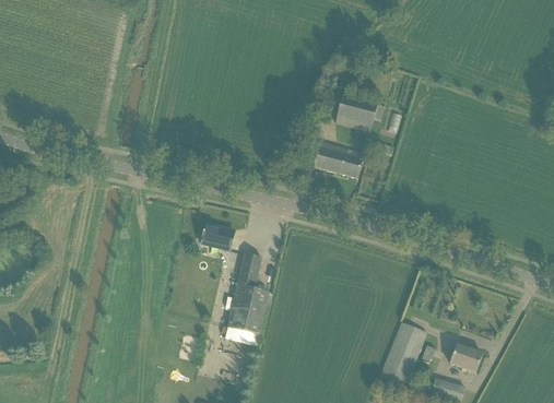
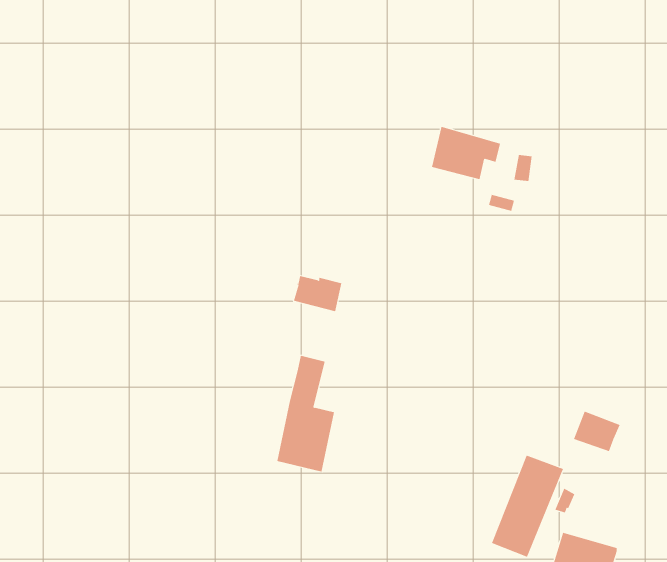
building: [315,140,364,177] -> none
building: [201,225,235,250] -> [293,275,342,312]
building: [450,343,483,371] -> [573,411,620,452]

